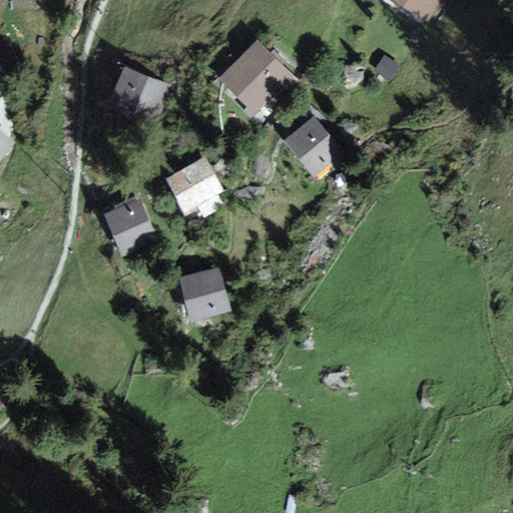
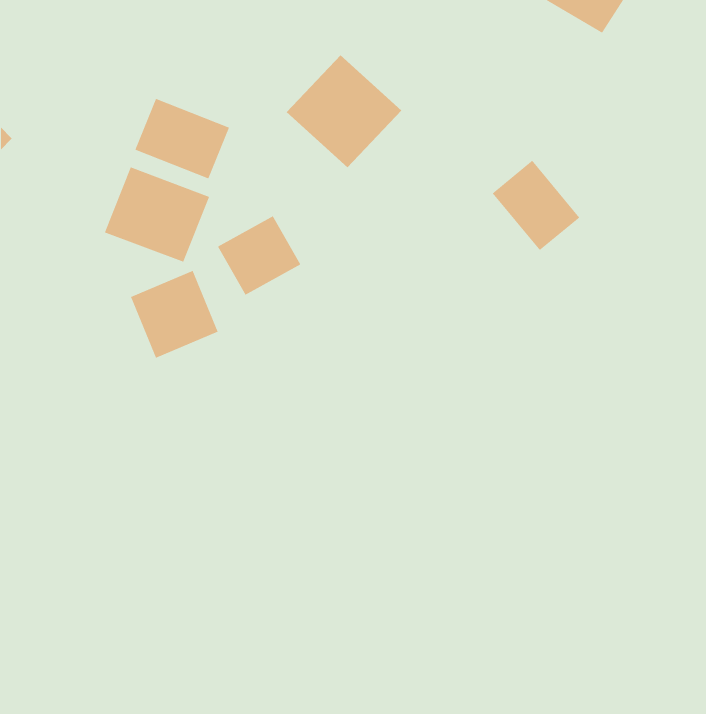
building: [283,114,346,179] -> [492,160,580,251]
building: none -> [104,167,210,263]
building: [179,267,239,321] -> none

